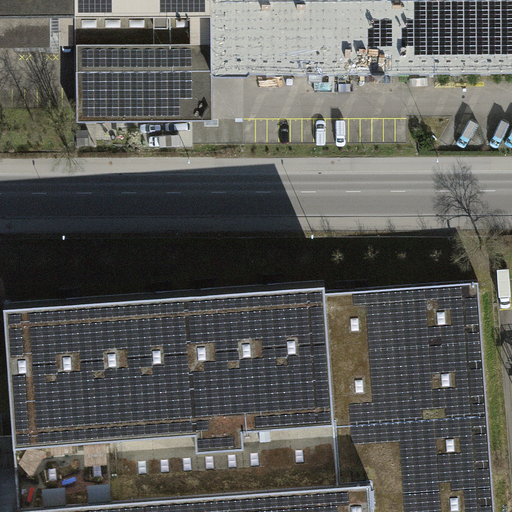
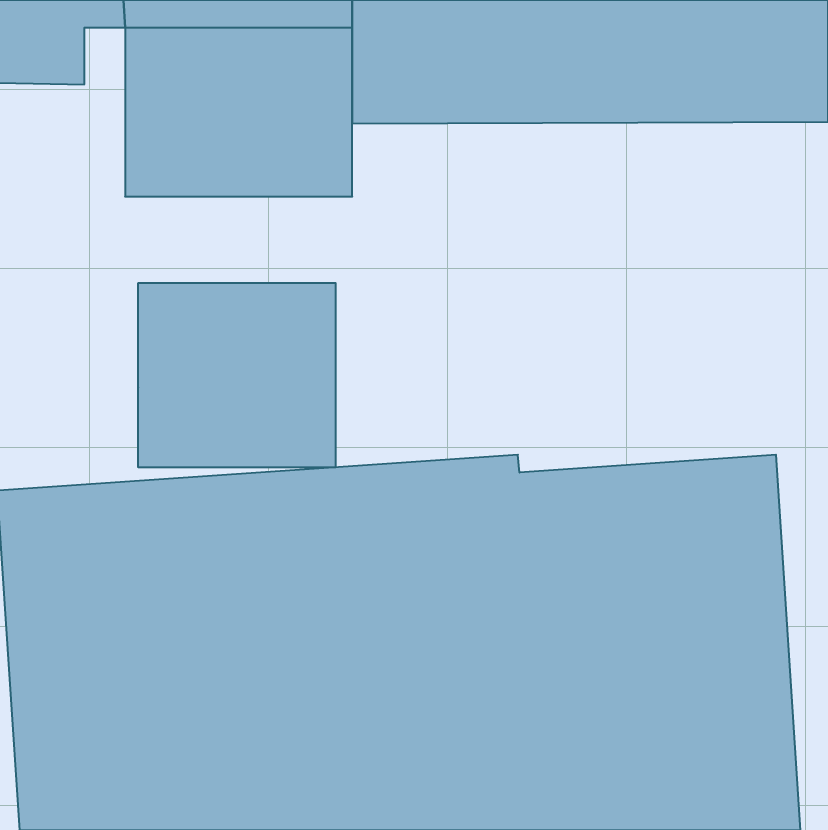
building: none -> [138,283,336,467]

